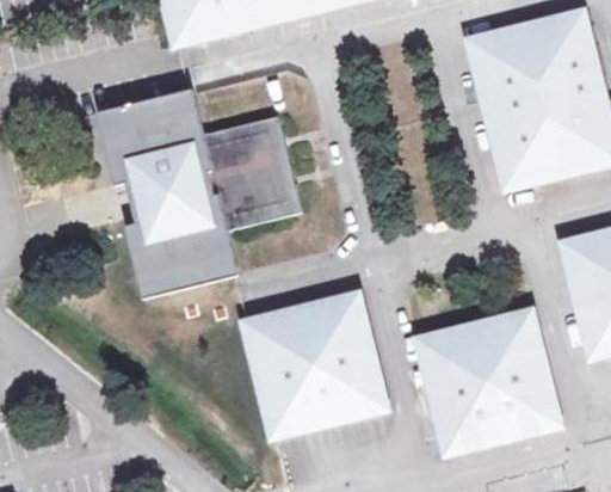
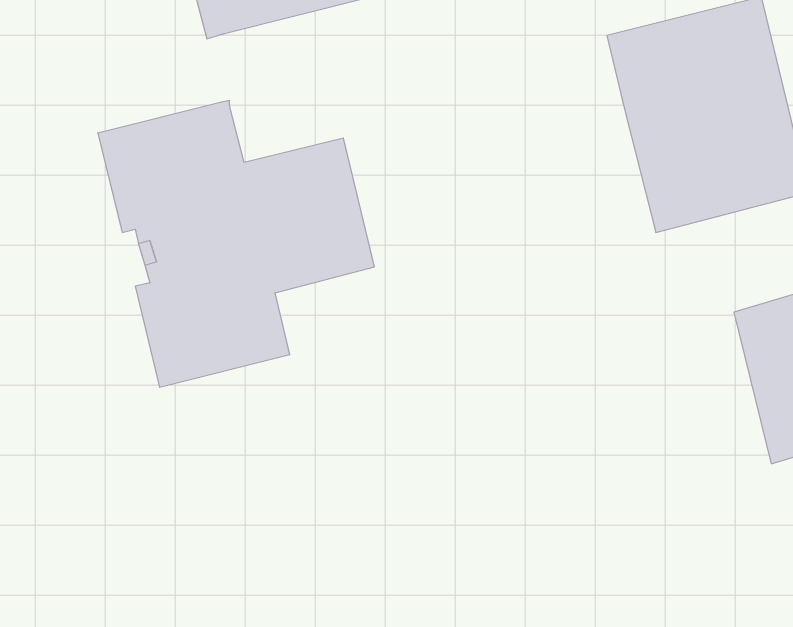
building: [242,295,383,436] -> none
building: [416,312,557,451] -> none

